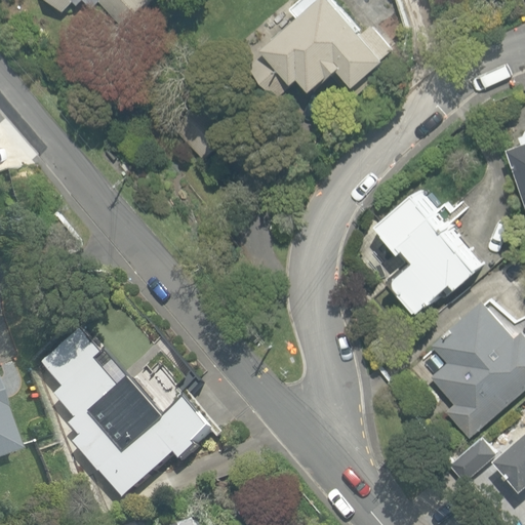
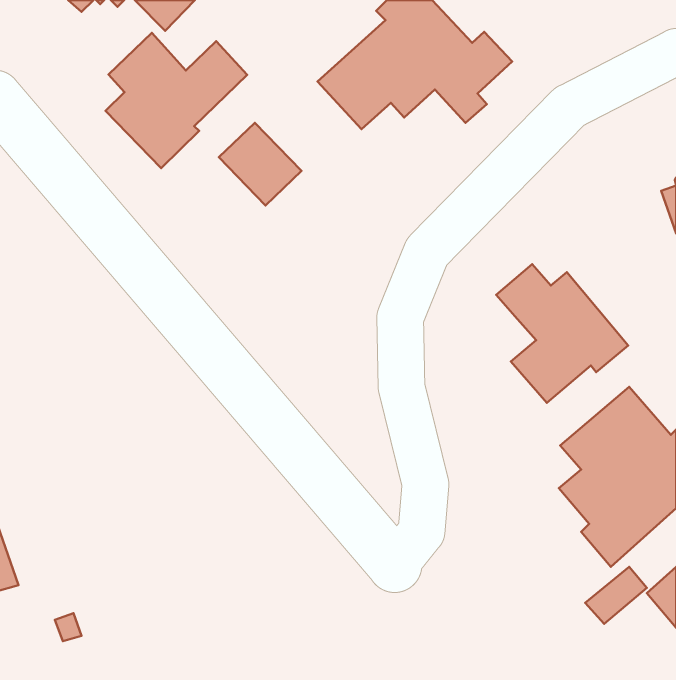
building: none -> [105,33,247,168]
building: [40,328,213,501] -> none

